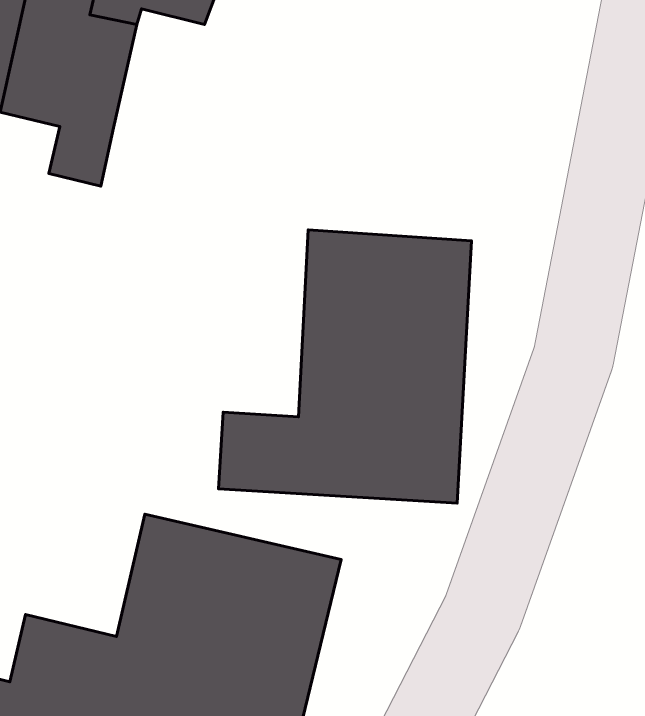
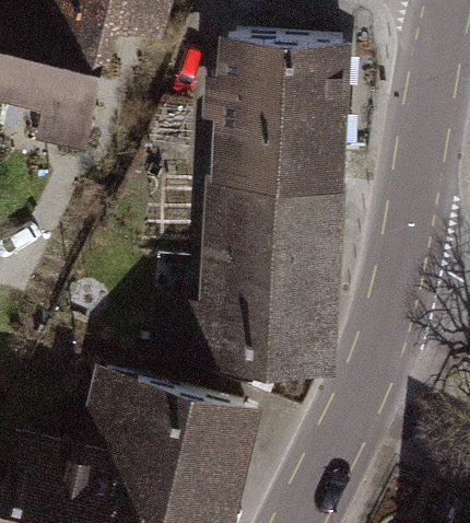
building: none -> [211,39,342,187]

